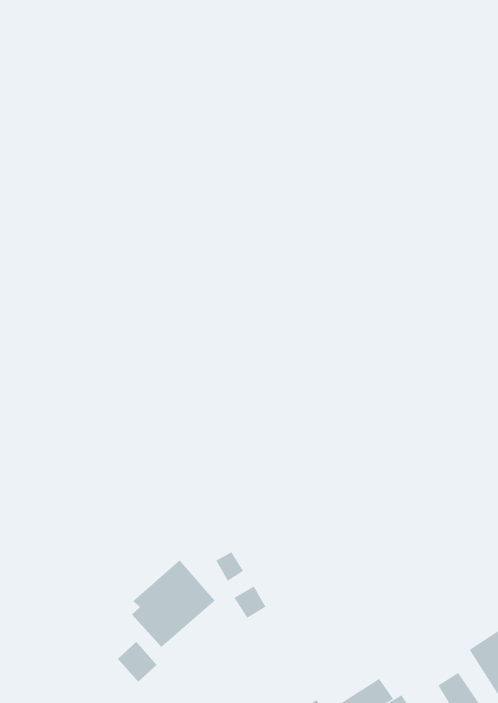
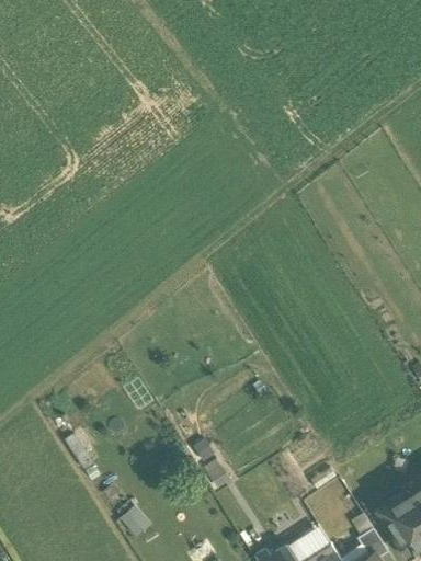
building: [131,560,216,648] -> none

